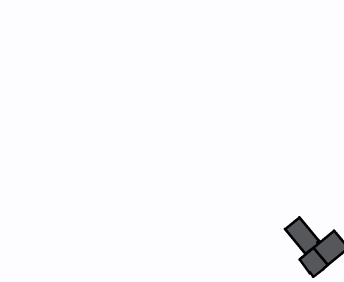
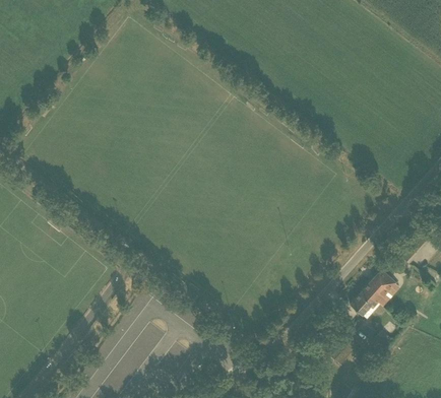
building: [285,217,319,254] -> none

